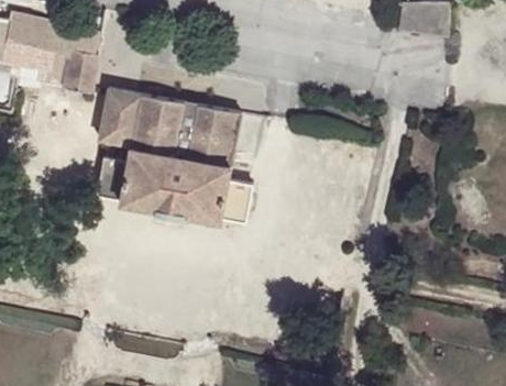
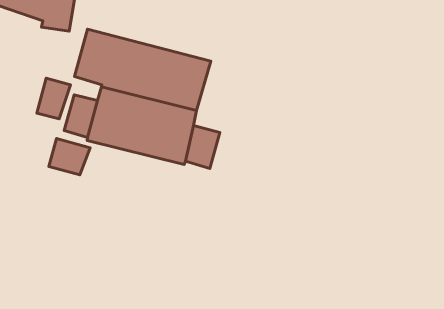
building: none -> [37,78,70,119]
building: none -> [49,139,90,175]

